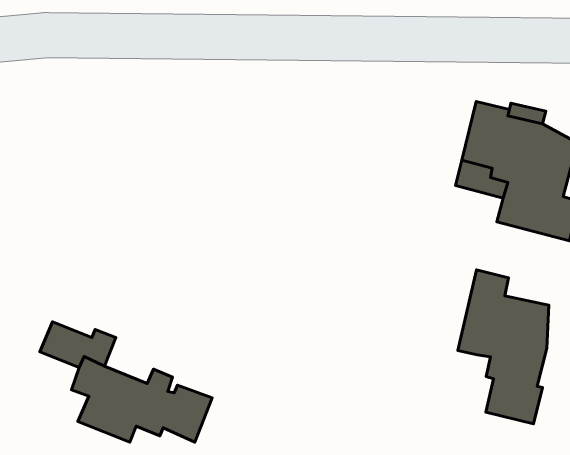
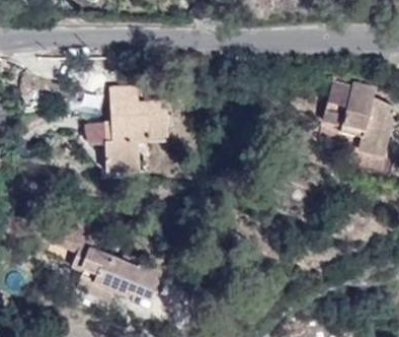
building: none -> [104,86,168,171]
building: [458,270,549,424] -> none

